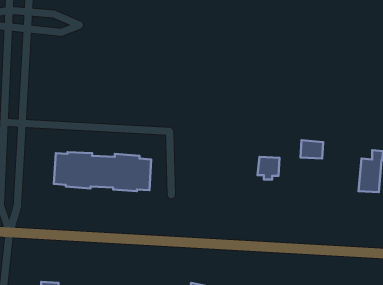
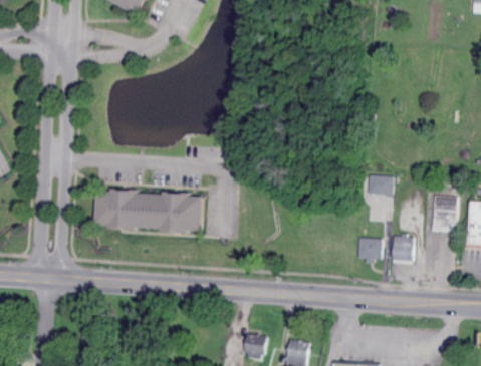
building: [258,157,279,180] -> [357,239,382,264]
building: none -> [392,233,413,265]

